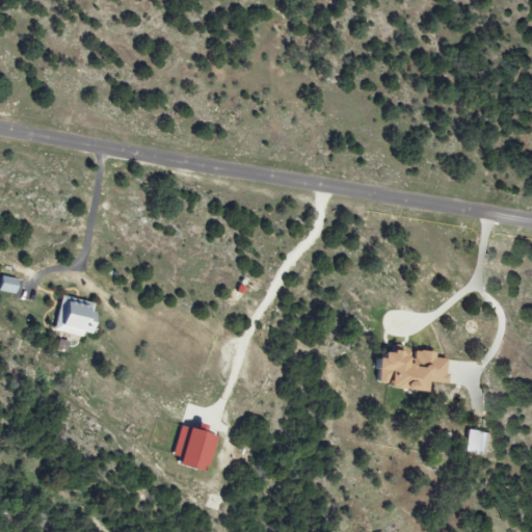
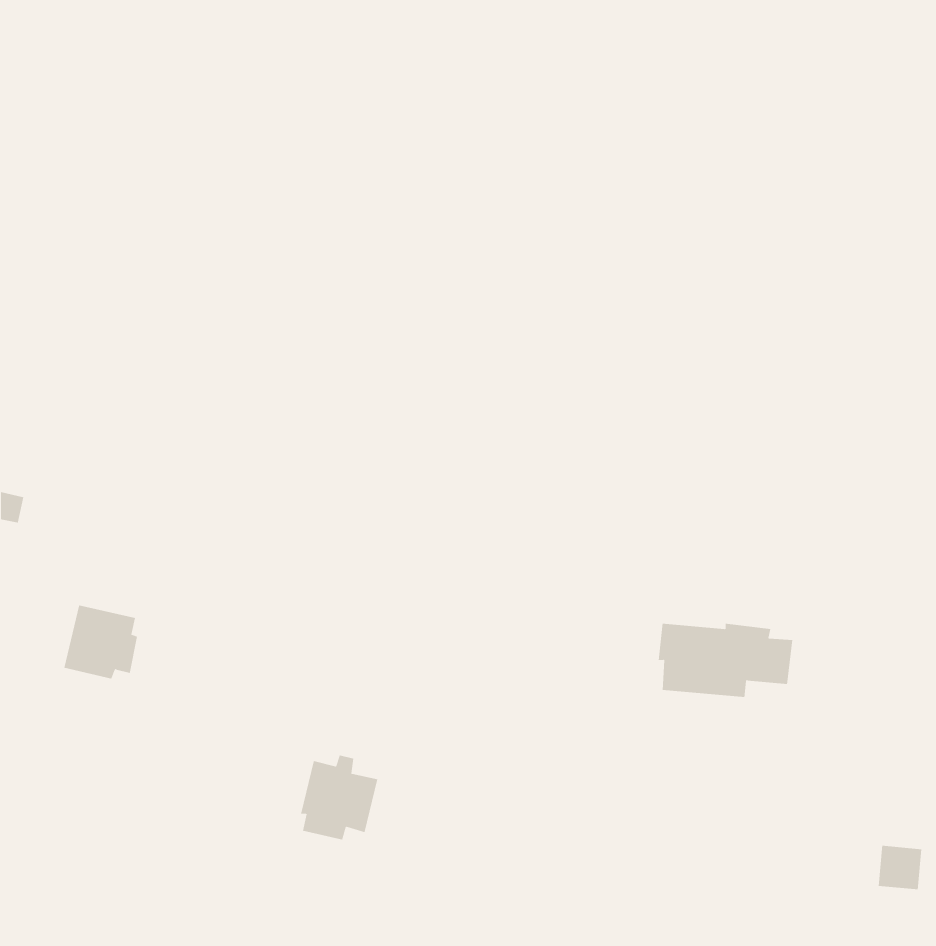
building: [56,295,98,337] -> [64,605,138,679]
building: [468,430,493,455] -> [878,845,922,890]

